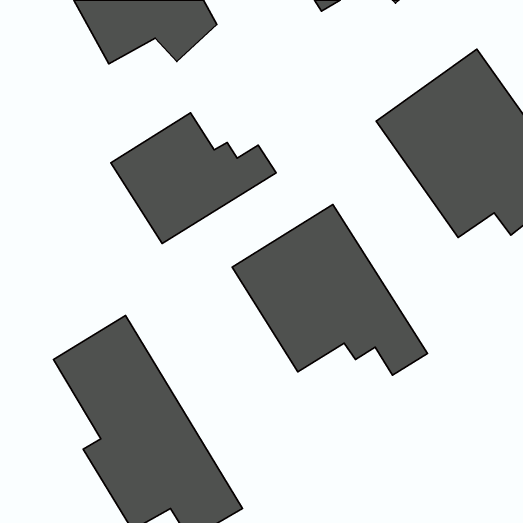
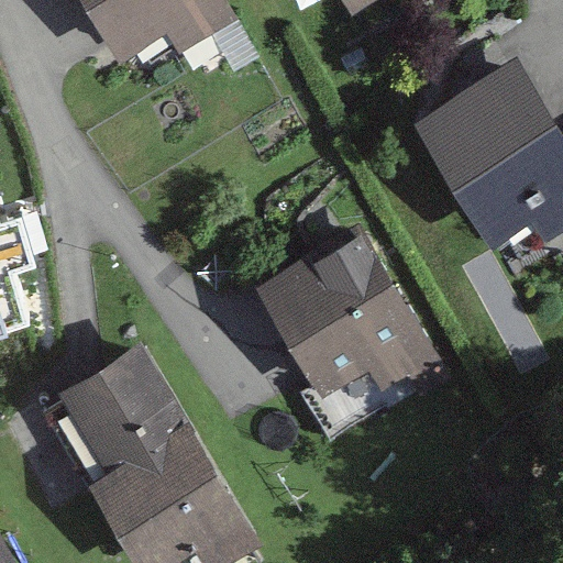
building: [111,113,276,244] -> none

